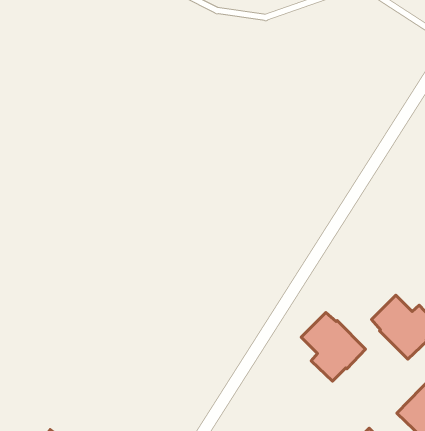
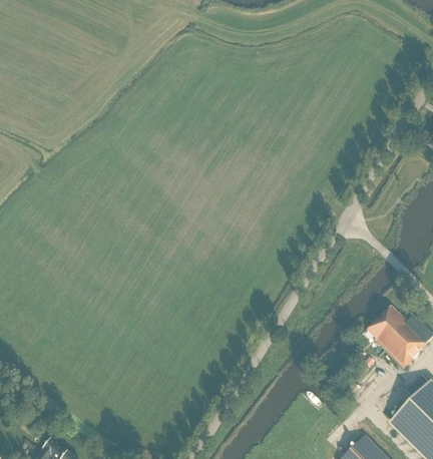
building: [301,312,366,381] -> none

